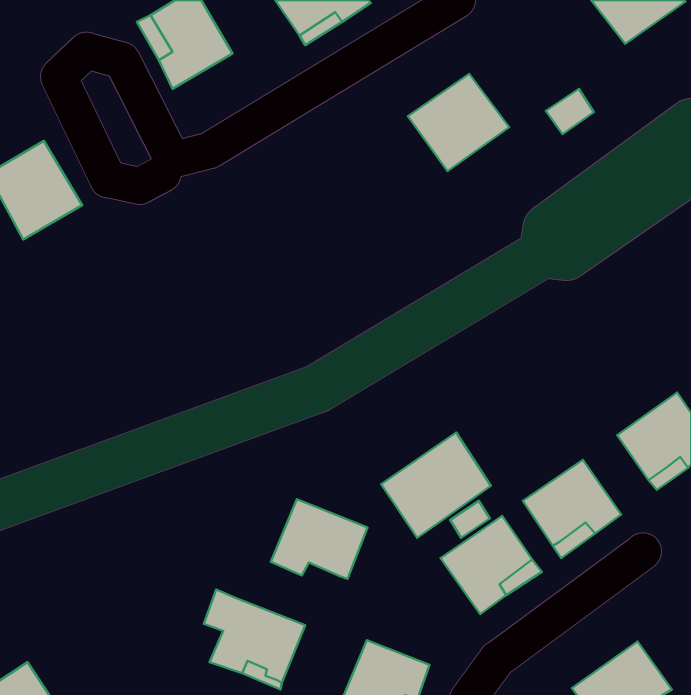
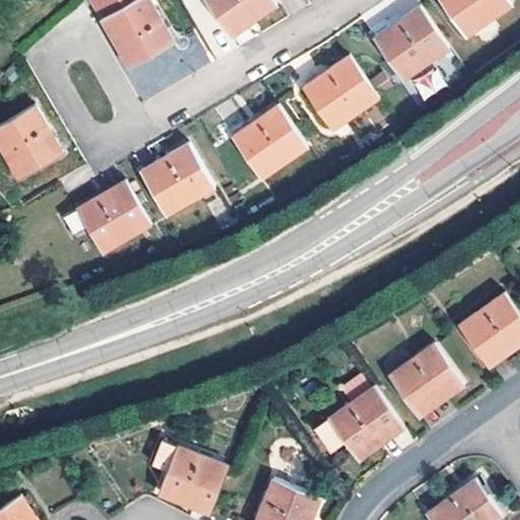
building: none -> [373,7,448,81]
building: none -> [232,106,308,181]
building: none -> [140,144,212,215]
building: none -> [76,180,150,251]
building: [381,432,491,538] -> none
building: [271,499,367,579] -> none

